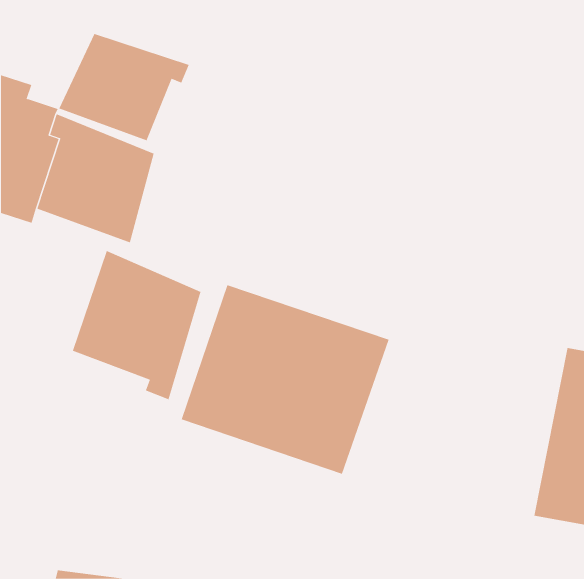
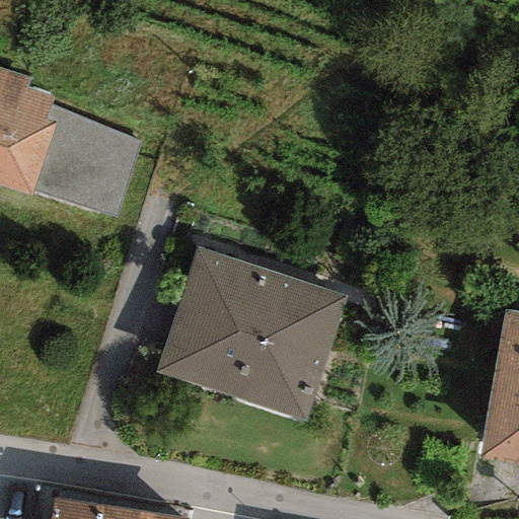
building: [58,33,189,141] -> none
building: [72,250,201,400] -> none

